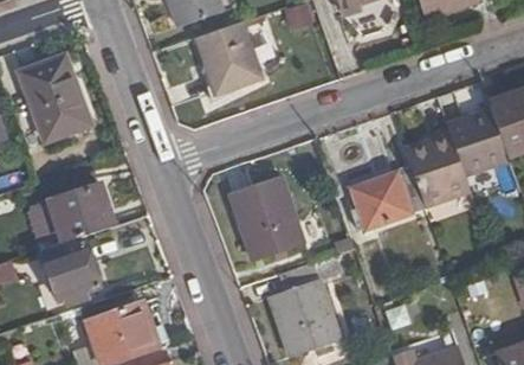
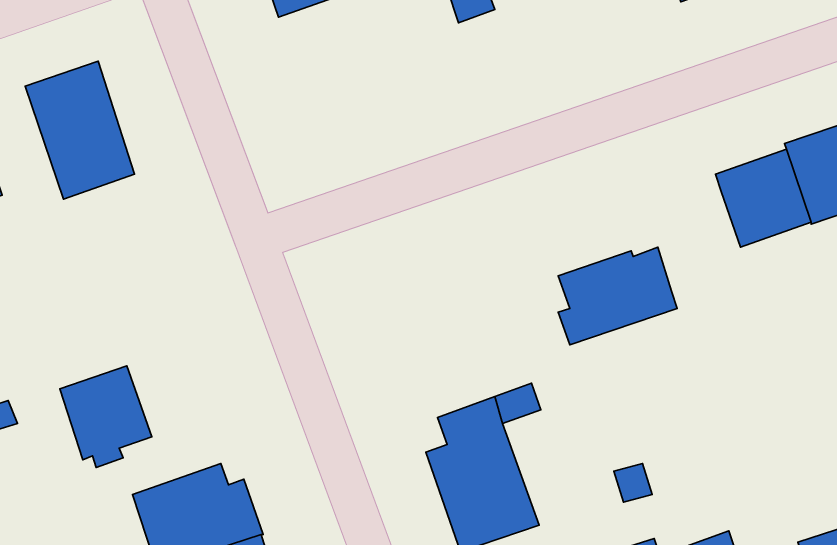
building: [196,23,260,92] -> none
building: [405,135,466,197] -> none
building: [233,175,304,260] -> none
building: [31,184,115,252] -> none

